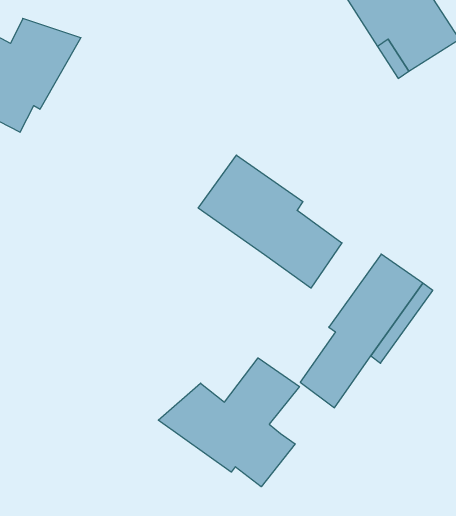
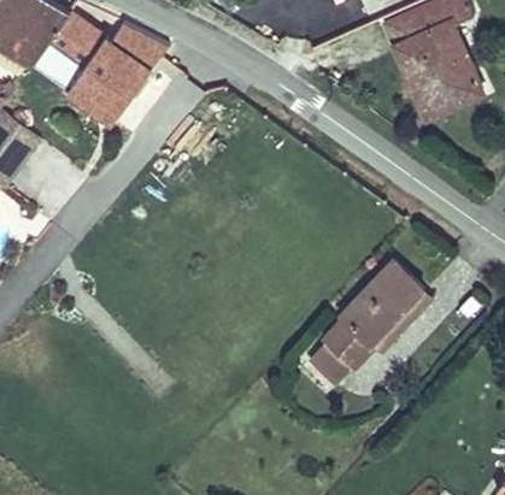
building: [198,155,342,288] -> none
building: [158,358,299,487] -> none

